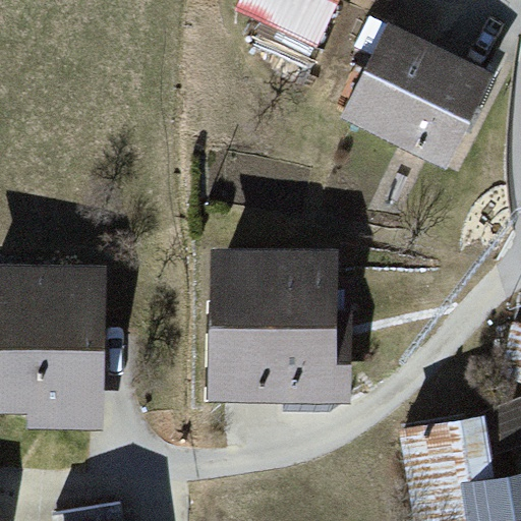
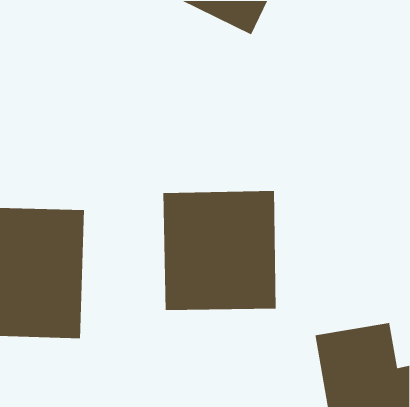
building: [341,26,503,164] -> none

